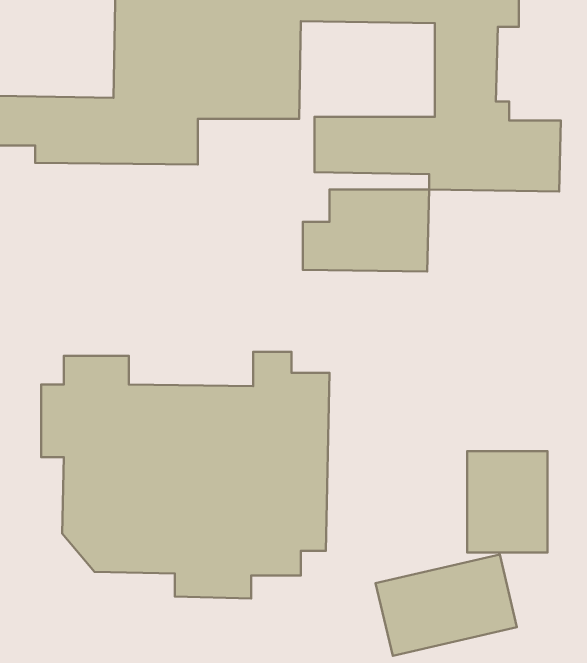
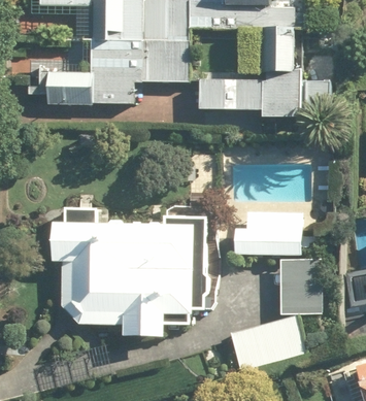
building: [303,189,429,272] -> [234,210,302,255]

